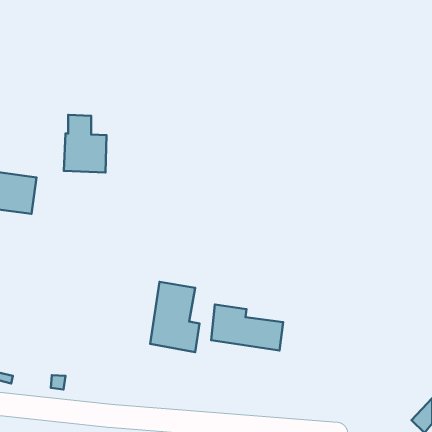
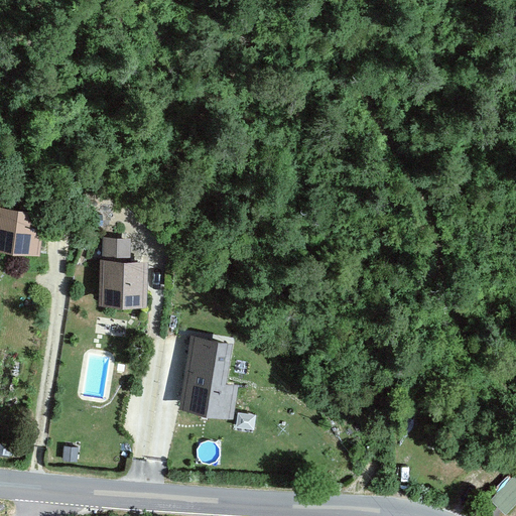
building: [64,115,106,173] -> [97,239,147,307]
building: [211,304,283,350] -> none

